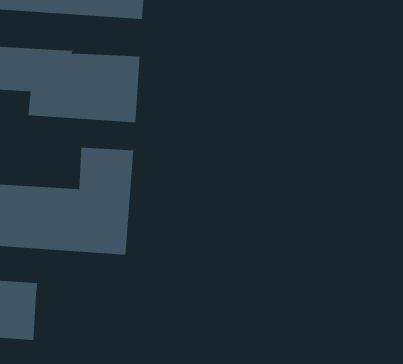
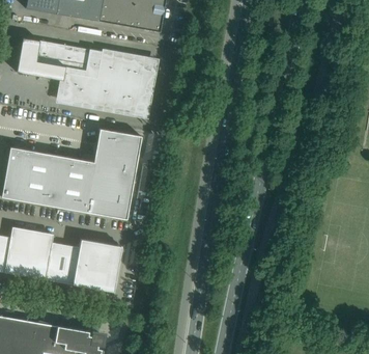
building: none -> [45,239,121,292]

